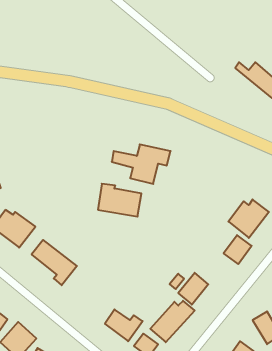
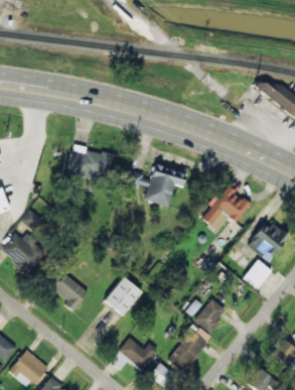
building: none -> [200,184,251,231]
building: [98,184,141,217] -> [68,144,114,178]
building: none -> [105,276,143,315]

